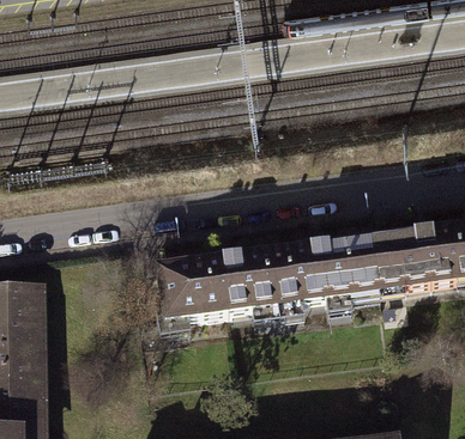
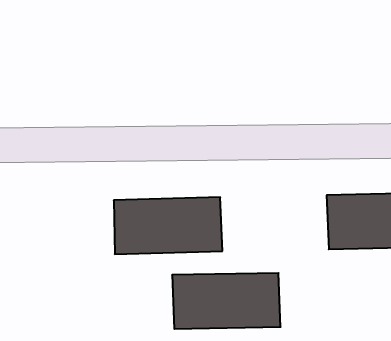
building: [265,240,380,309] -> [172,273,281,329]

